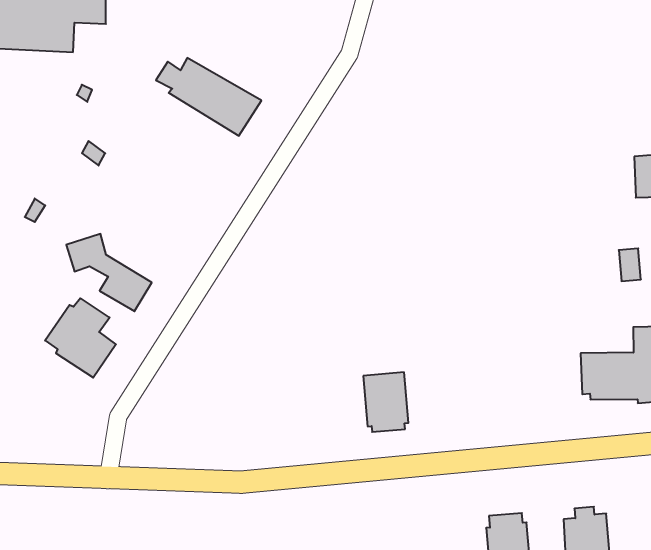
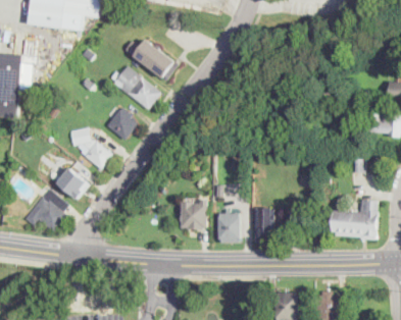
building: none -> [110,66,160,109]
building: none -> [106,105,137,140]
building: none -> [180,199,206,228]
building: none -> [33,189,68,231]
building: none -> [254,208,281,242]

